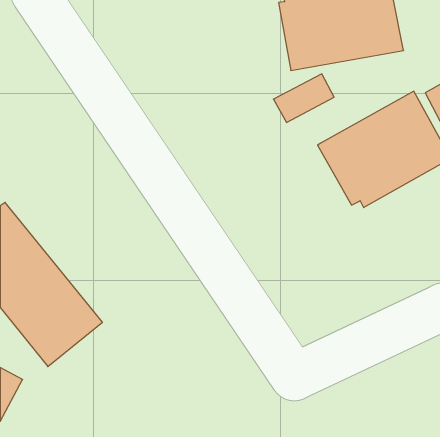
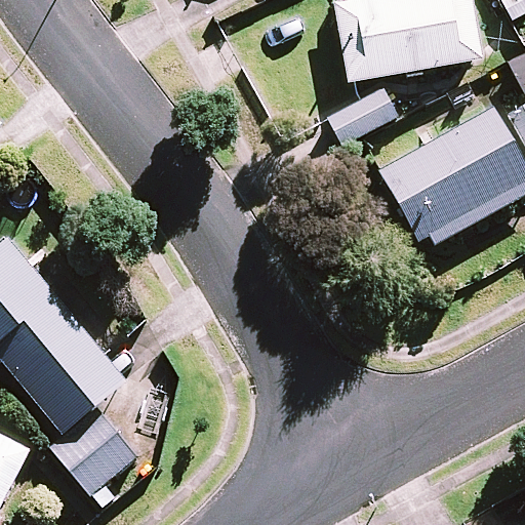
building: none -> [53,407,137,491]

